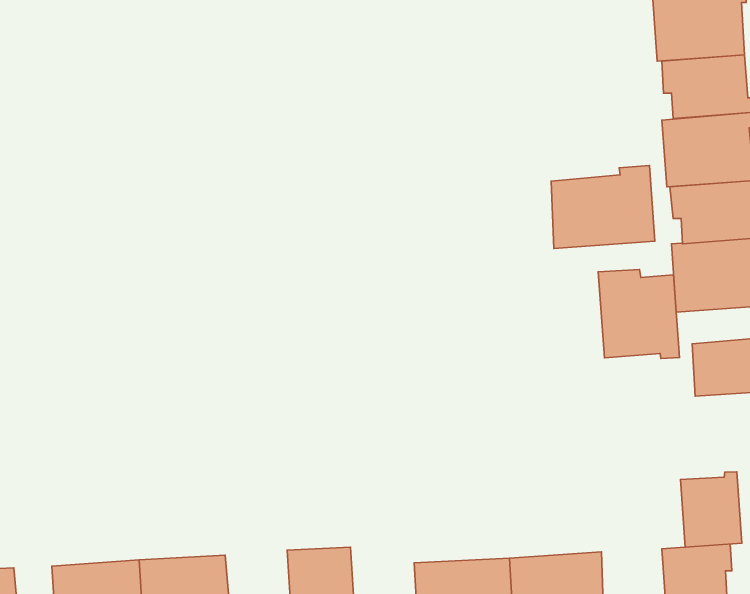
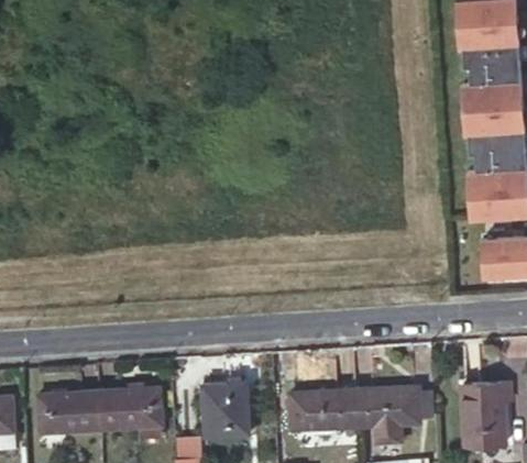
building: [551,165,655,248] -> none
building: [598,269,679,358] -> none
building: [681,472,742,547] -> none

